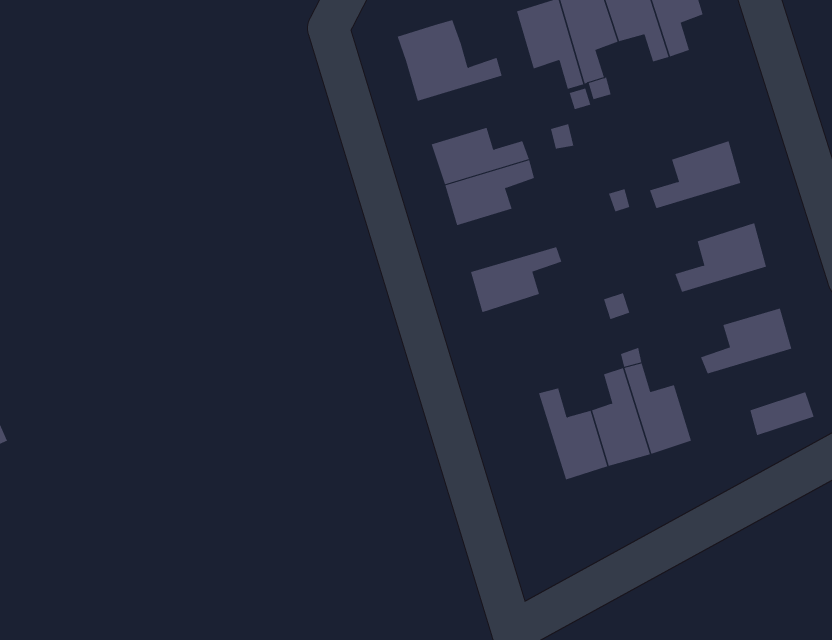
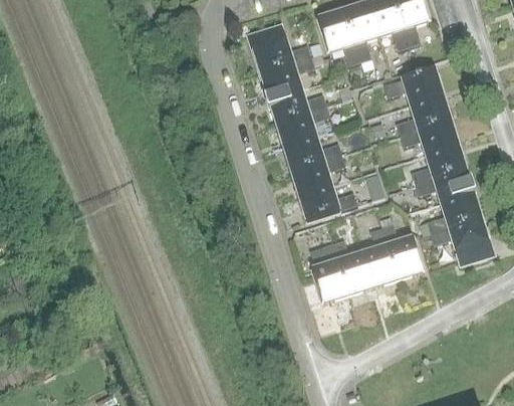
building: none -> [260,51,325,95]
building: none -> [386,69,444,105]
building: none -> [401,119,459,153]
building: none -> [283,134,342,171]
building: none -> [416,168,474,202]
building: none -> [298,184,356,219]
building: none -> [431,216,489,252]
building: none -> [312,242,347,301]

